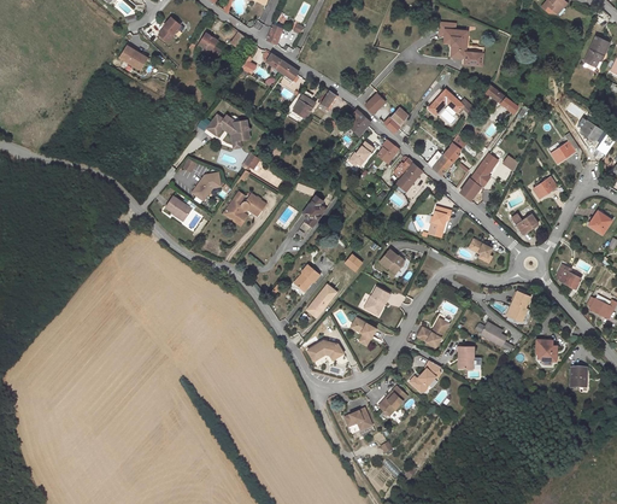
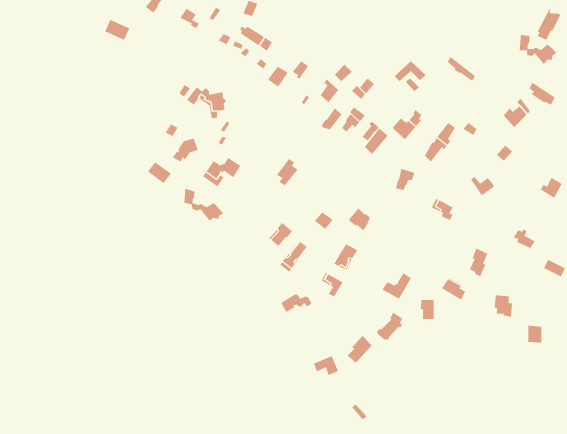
building: [446,29,484,65] -> none
building: none -> [519,34,557,65]
building: none -> [184,188,224,222]

